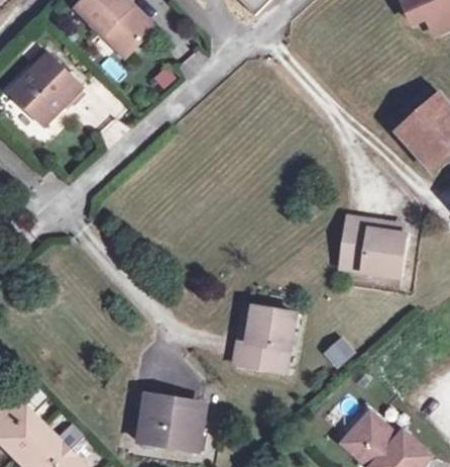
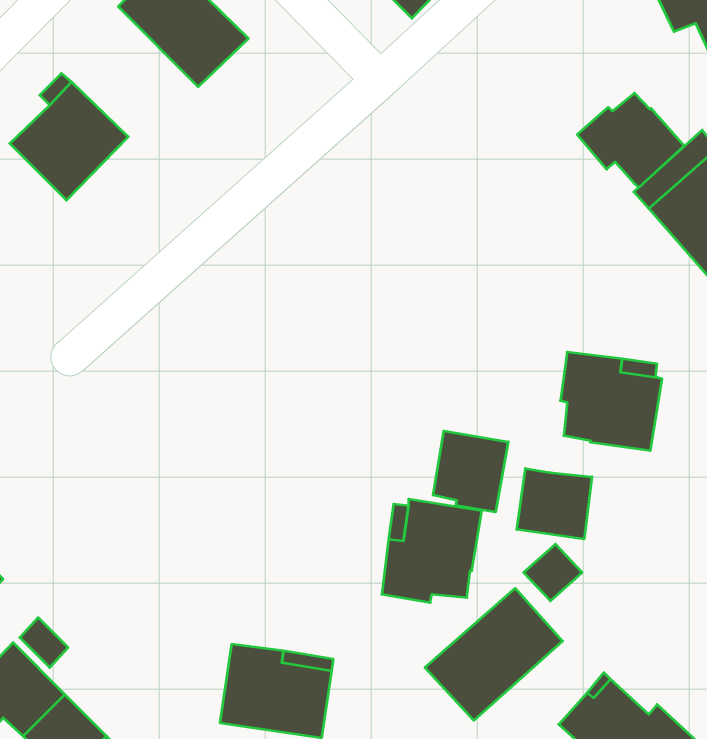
building: none -> [577,93,684,187]
building: none -> [433,431,508,512]
building: none -> [517,468,592,539]
building: none -> [425,588,563,720]

